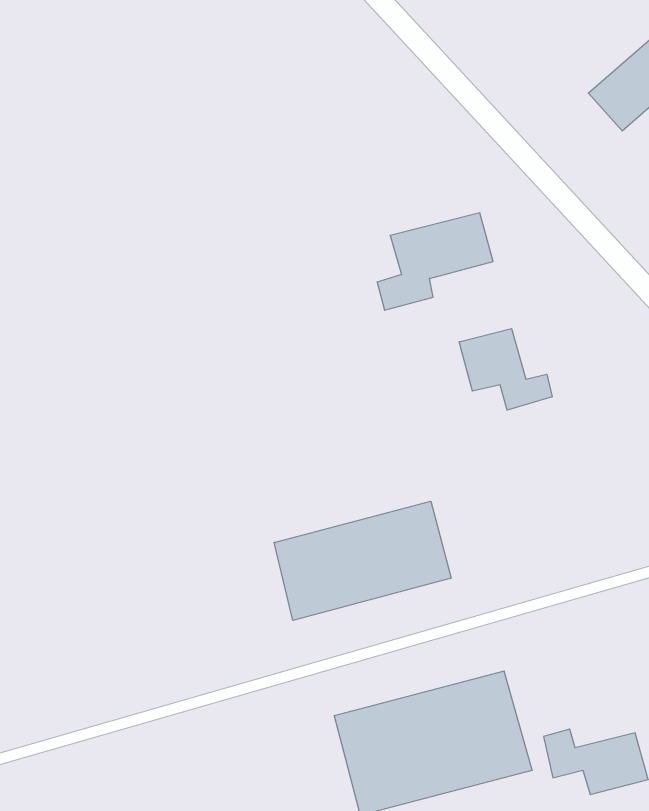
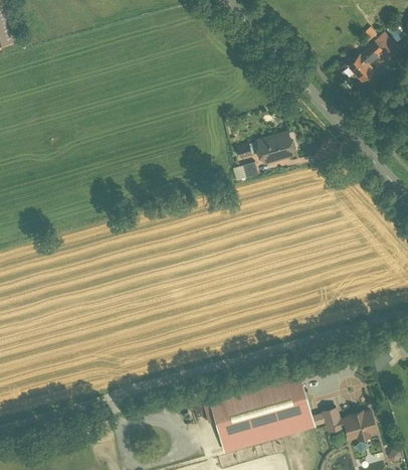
building: [459,329,552,410] -> none
building: [274,501,451,620] -> none

